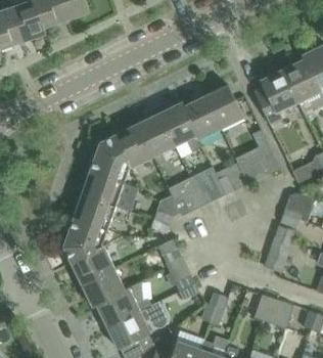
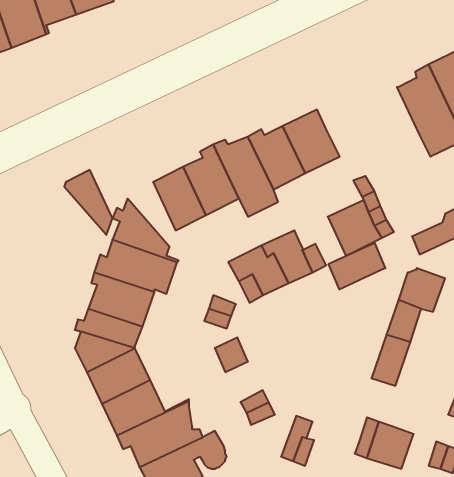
building: [255,70,297,124] -> none
building: [99,134,132,178] -> [64,170,112,235]
building: none -> [329,243,385,289]

